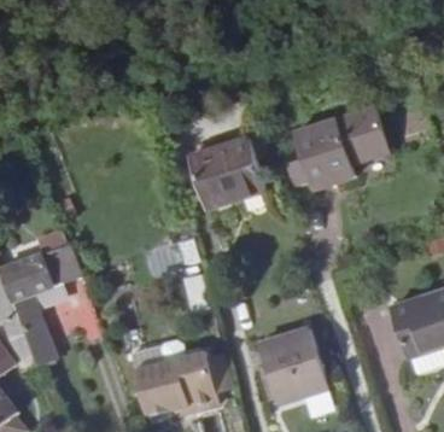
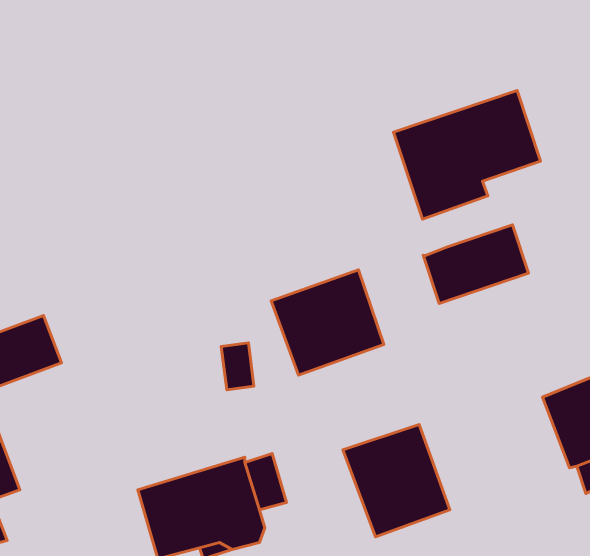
building: [193,136,268,206] -> [271,270,384,375]
building: none -> [423,225,529,304]

